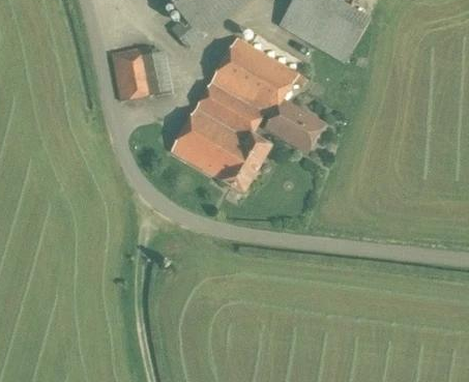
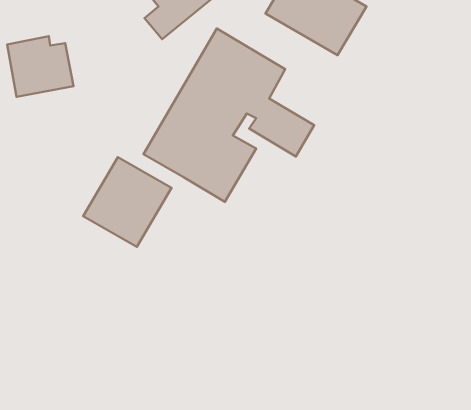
building: [111,45,170,98] -> [7,36,73,97]
building: none -> [83,157,171,247]

